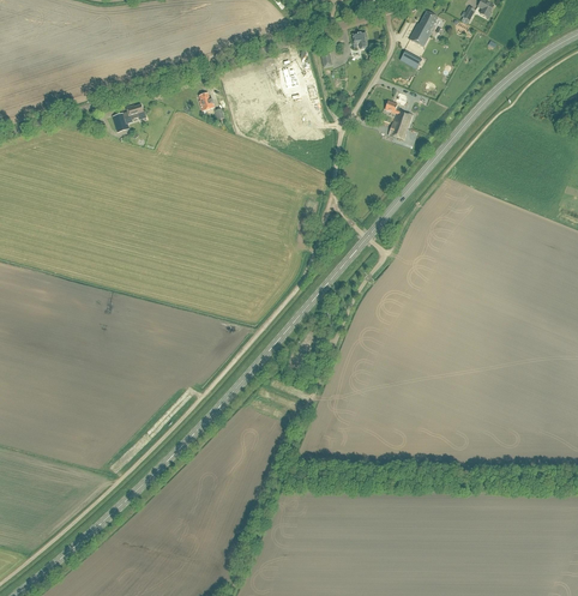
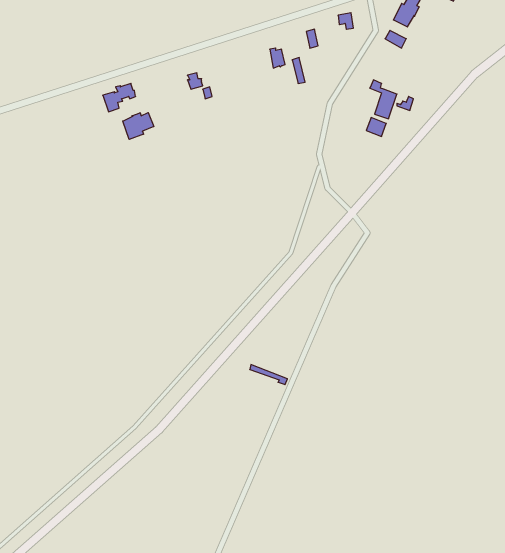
building: none -> [123,113,154,139]

